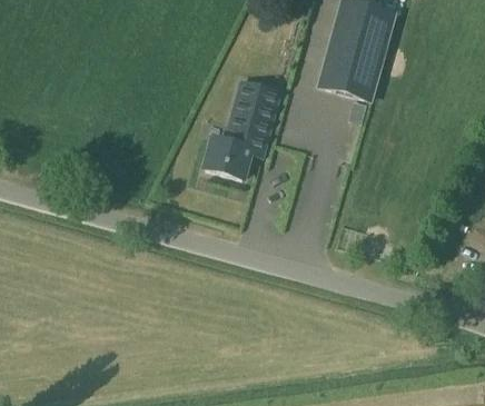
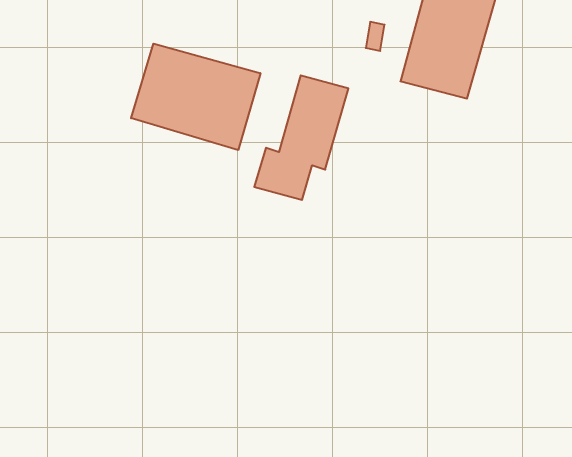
building: none -> [131,44,260,150]

